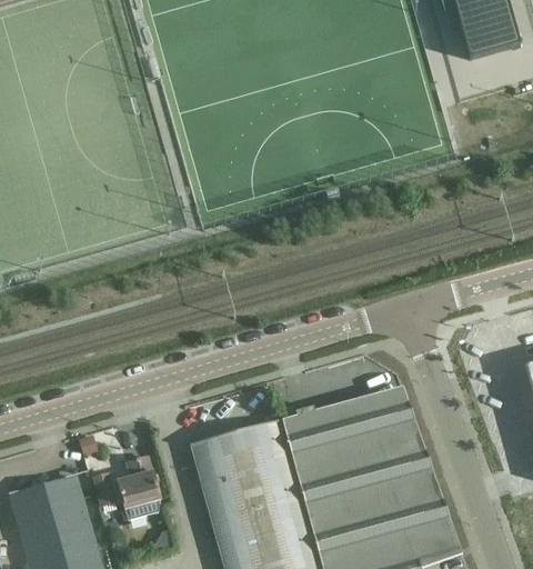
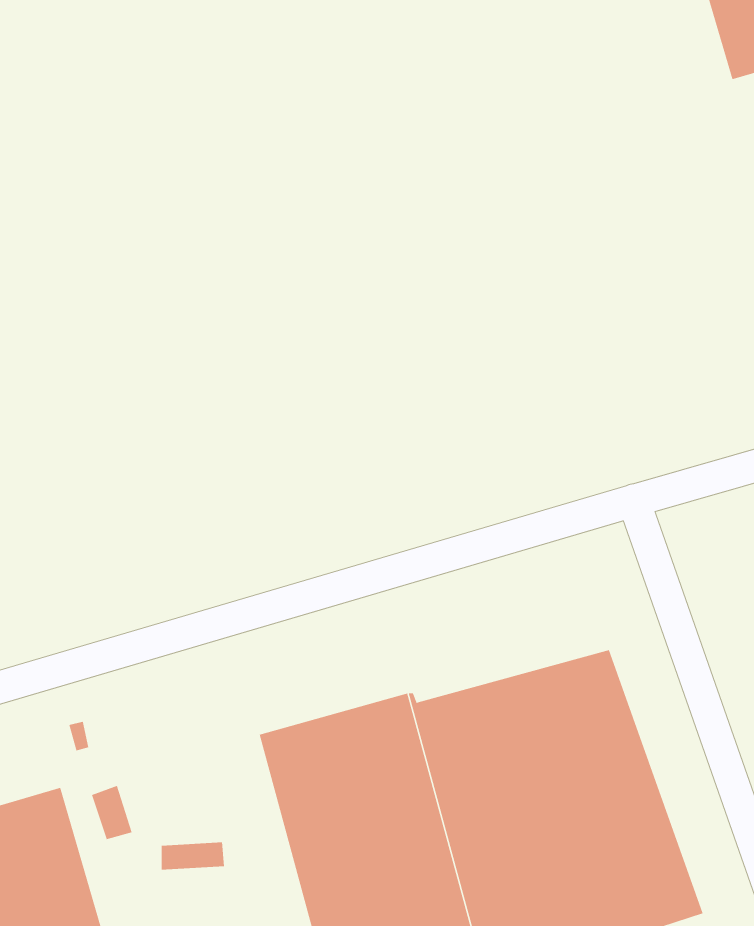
building: [118,457,161,509] -> none

